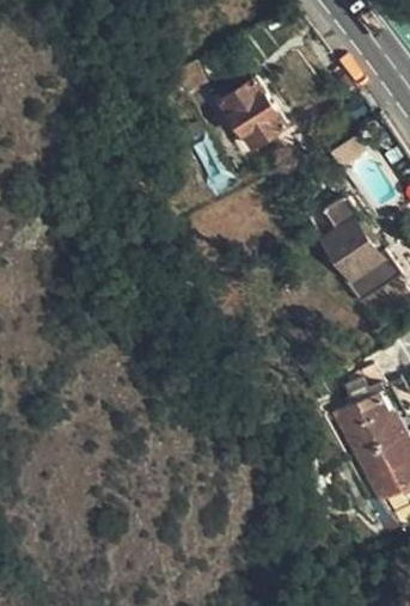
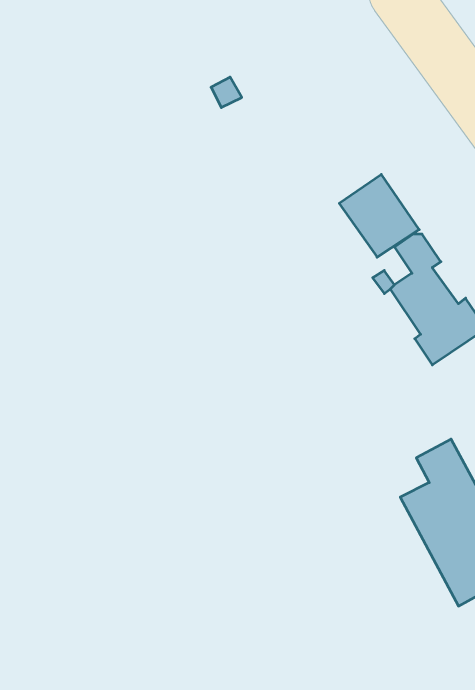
building: [219,79,284,147] -> [339,174,419,257]

